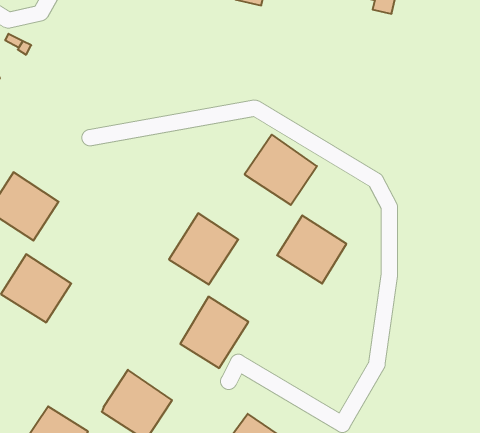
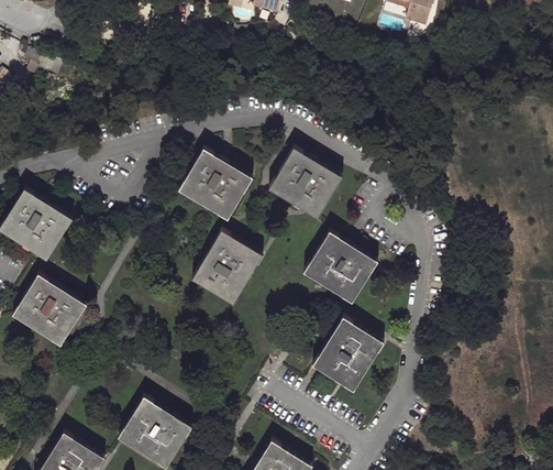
building: none -> [178,149,254,220]
building: [180,297,248,368] -> [312,317,384,392]

